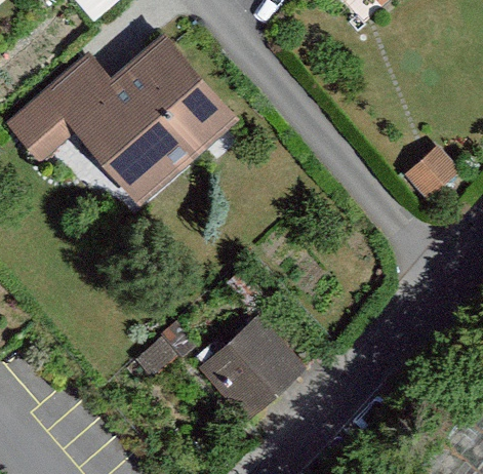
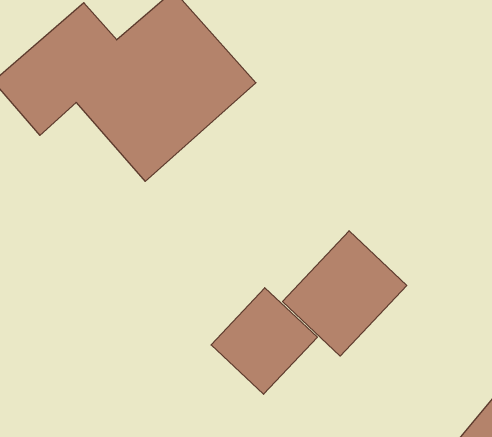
building: none -> [283,231,407,356]

